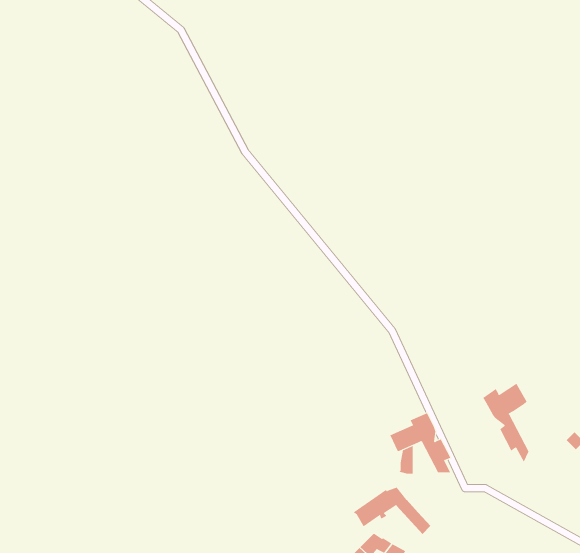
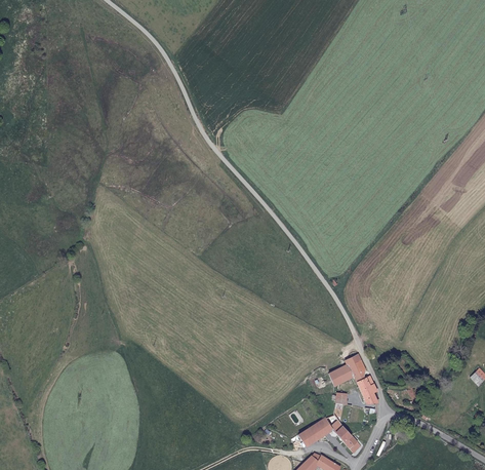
building: [483,383,529,463] -> none

